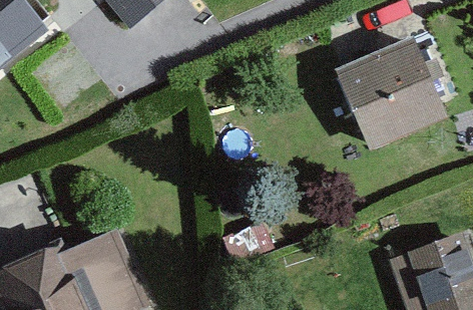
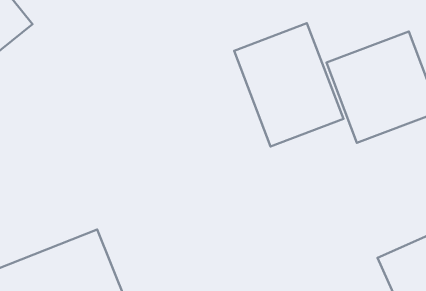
building: none -> [234,23,343,146]

